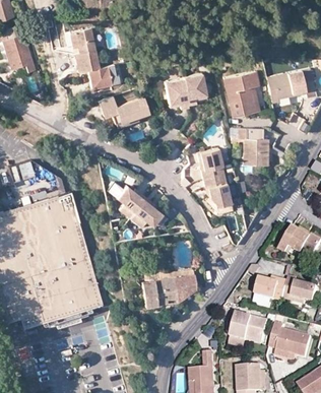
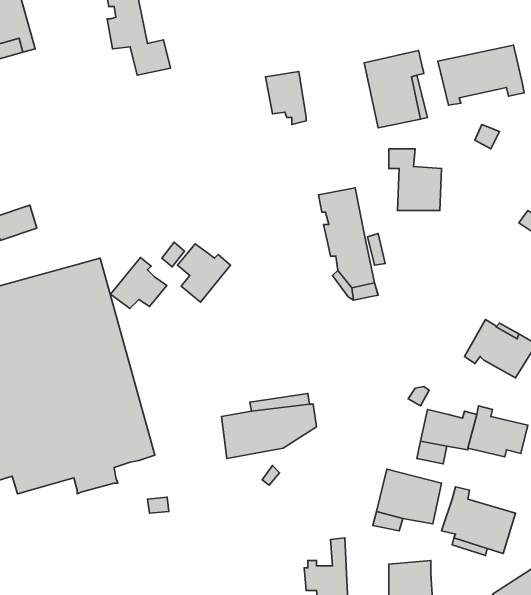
building: [183,74,205,107] -> none
building: [98,92,145,119] -> none
building: [127,192,159,221] -> [111,257,167,308]

